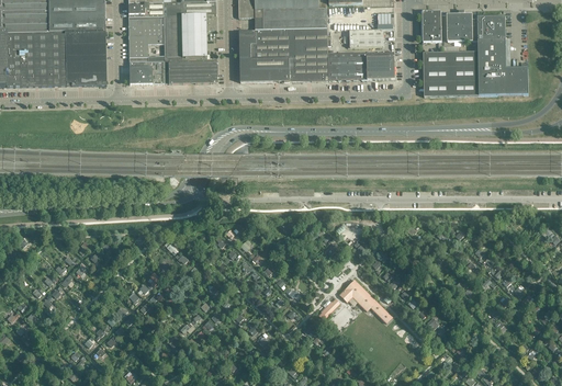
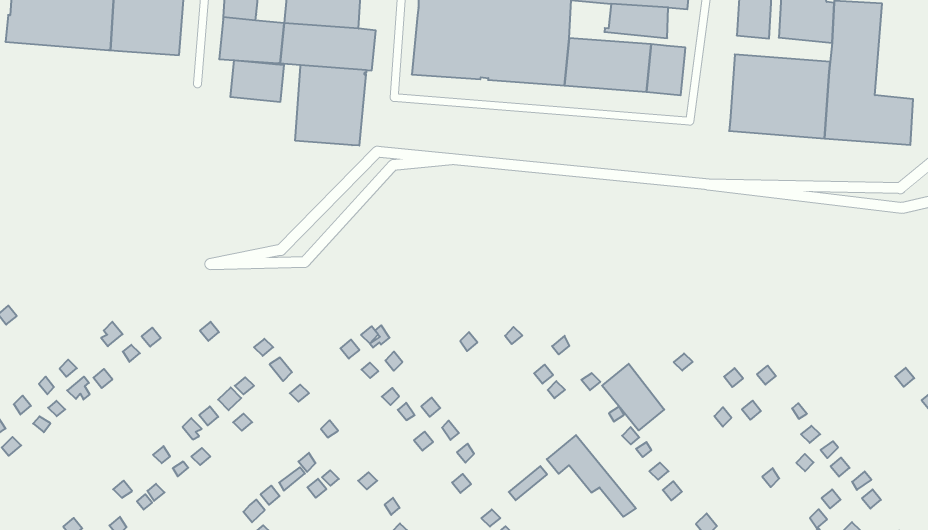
building: none -> [295,65,366,146]
building: none -> [230,60,284,102]
building: none -> [602,364,664,430]

